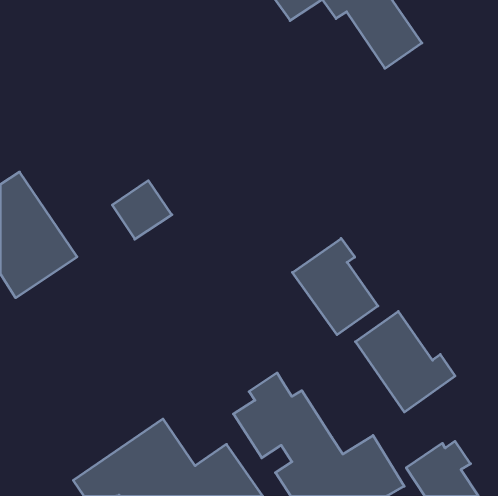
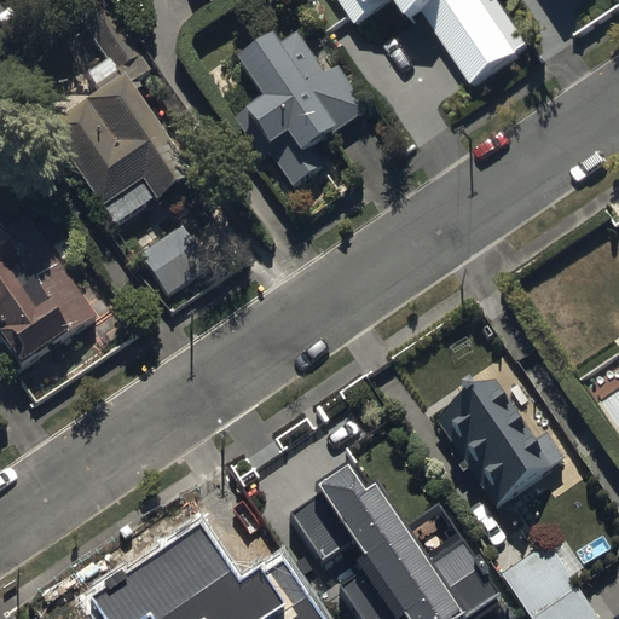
building: none -> [45,5,192,227]
building: none -> [230,28,365,186]
building: [292,238,378,335] -> none

